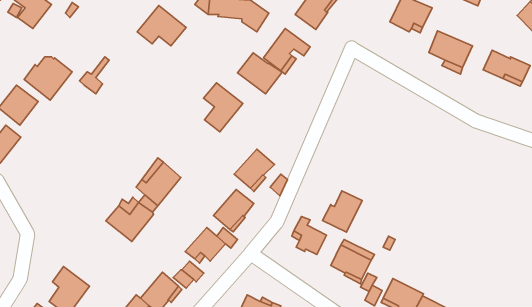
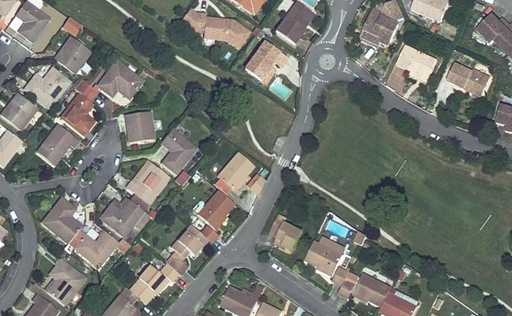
building: [137,6,186,46] -> [97,62,142,99]
building: none -> [54,38,90,75]
building: [237,53,282,94] -> none
building: [204,83,243,132] -> [160,130,196,175]
building: none -> [61,94,94,135]
building: none -> [125,113,153,143]
building: none -> [37,125,79,166]
building: [323,191,362,232] -> none
building: none -> [41,199,82,244]
building: none -> [74,233,117,268]

